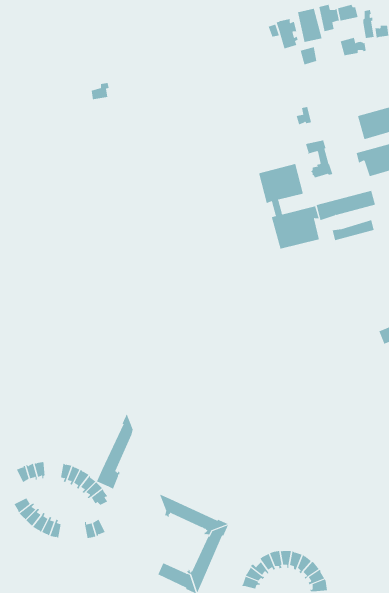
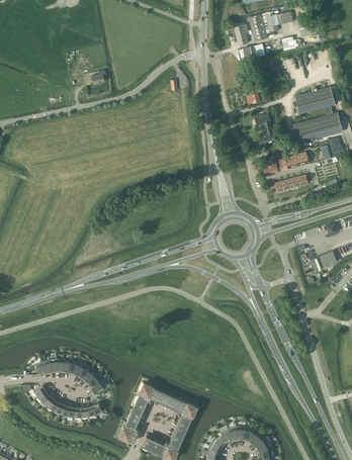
building: [258,163,320,250] -> none
building: [96,412,133,489] -> [120,383,149,442]

